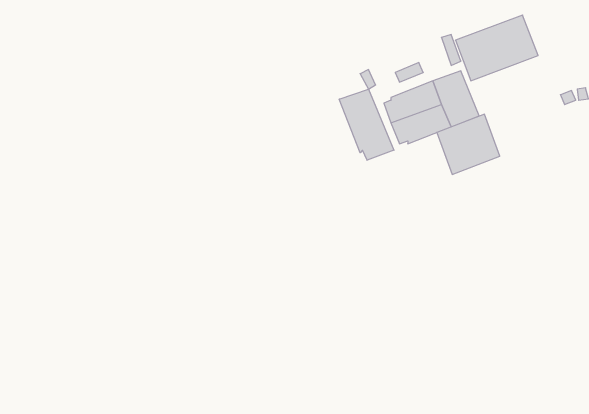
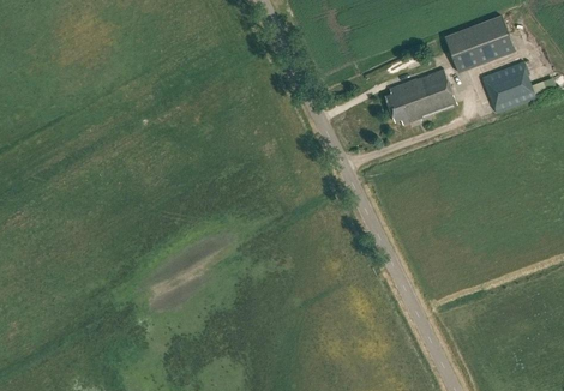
building: [339,89,394,160] -> none
building: [437,114,500,174] -> [481,62,535,114]

